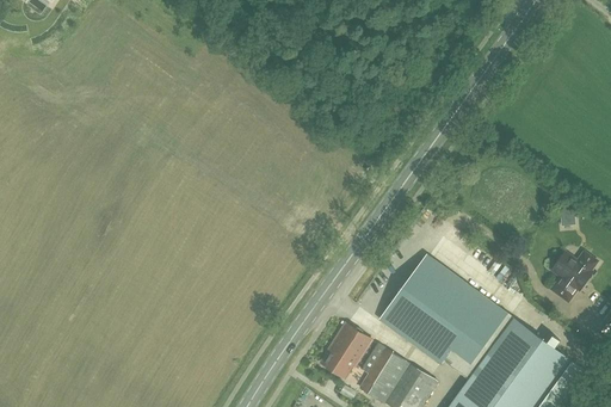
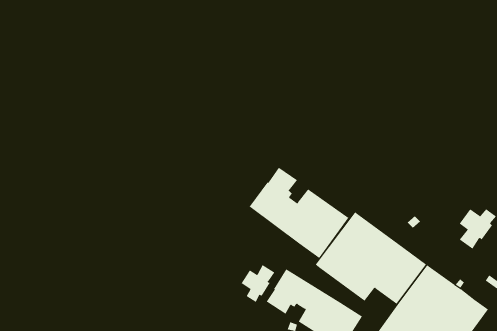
building: none -> [249,167,349,259]
building: none -> [241,264,275,303]

